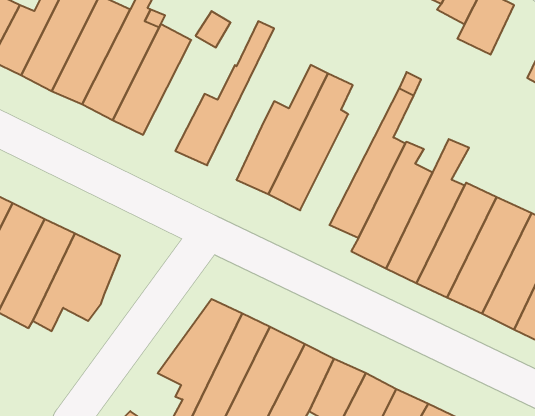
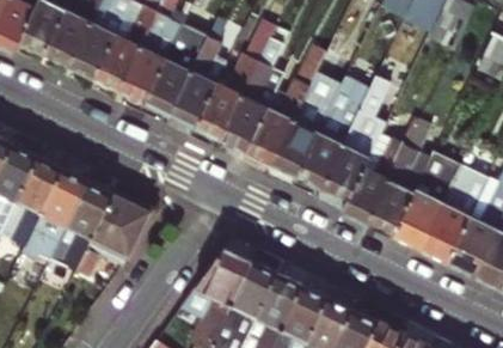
building: none -> [220,26,288,151]
building: none -> [167,36,227,127]
building: none -> [296,80,372,188]

